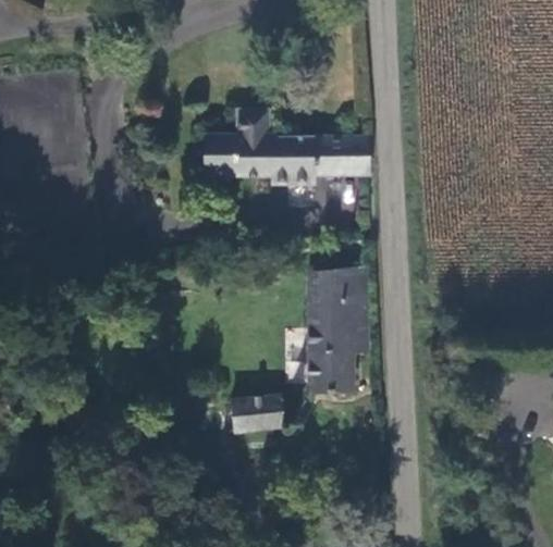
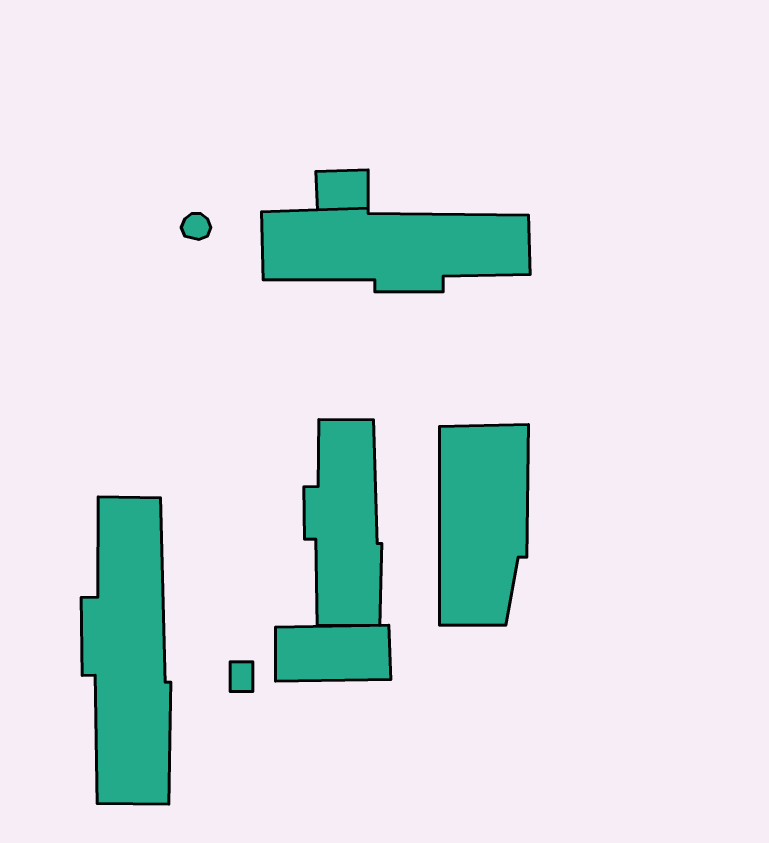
building: none -> [304,419,382,625]
building: none -> [81,497,171,804]

